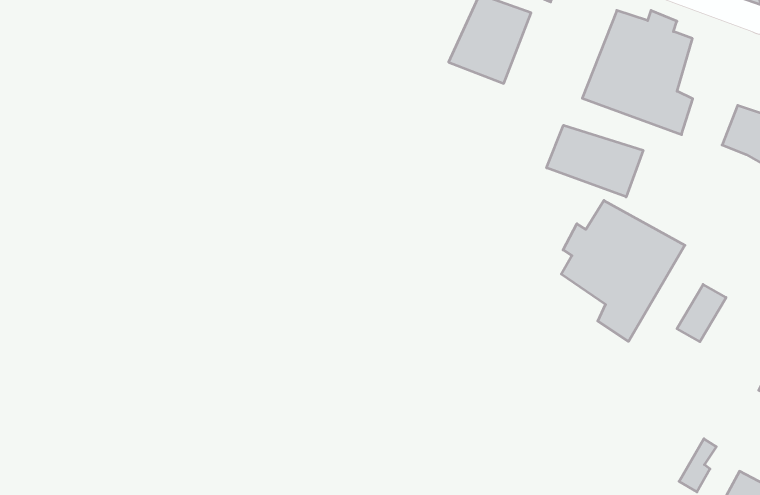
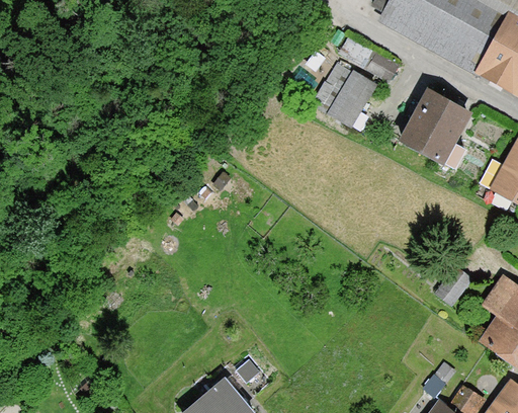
building: [547,125,643,197] -> none
building: [561,200,685,341] -> none

